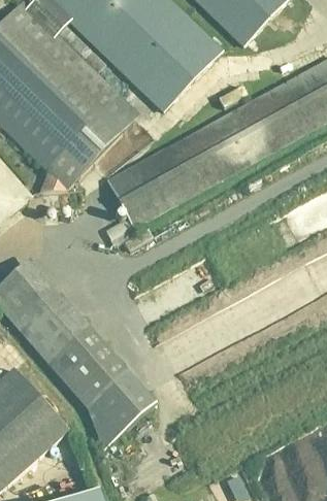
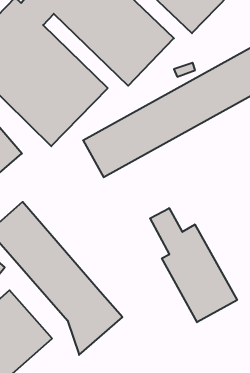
building: none -> [150,208,237,322]

